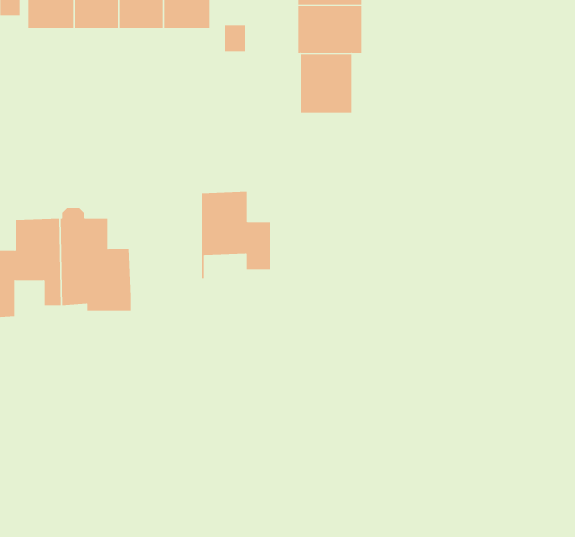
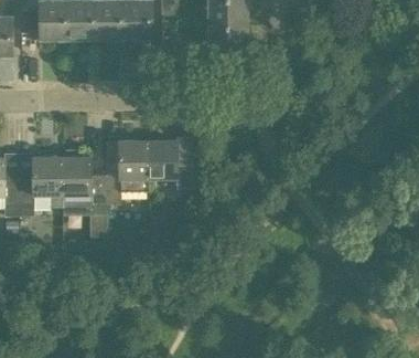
building: [300,53,352,114] -> none
building: none -> [103,141,147,206]

